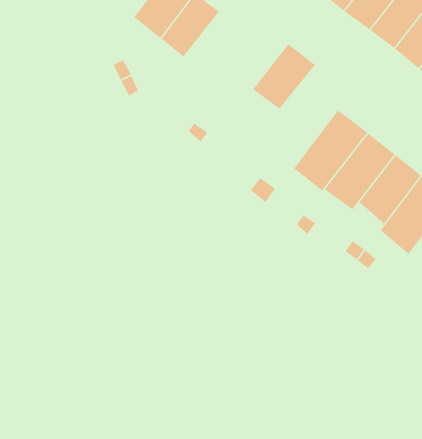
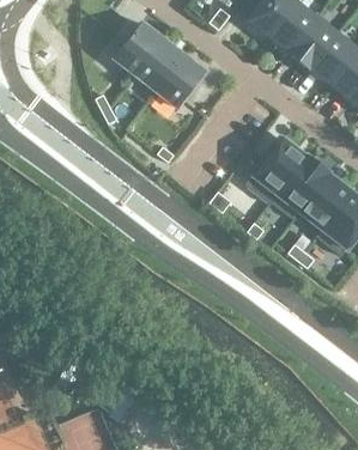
building: [252,43,316,110] -> [153,53,206,108]

